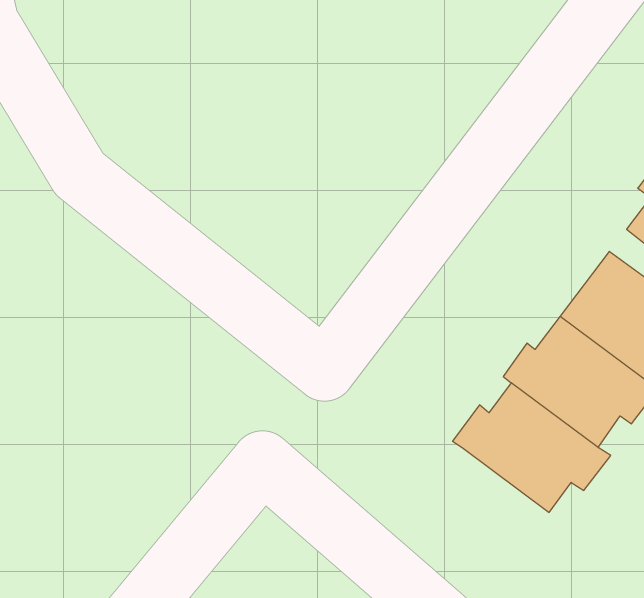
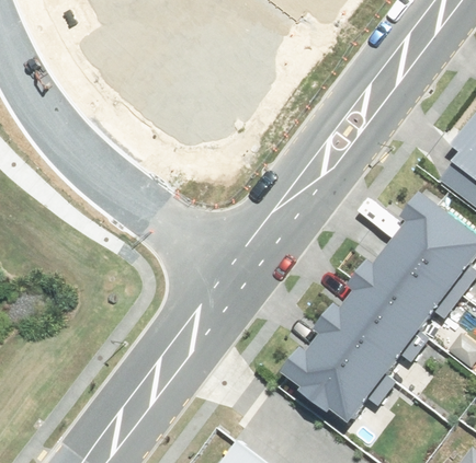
building: none -> [282,332,392,423]

